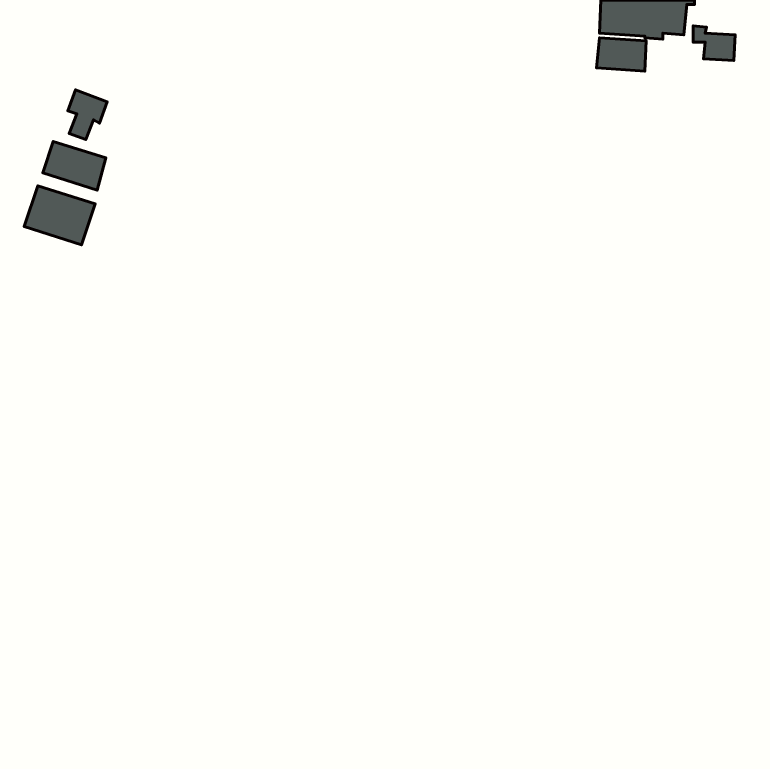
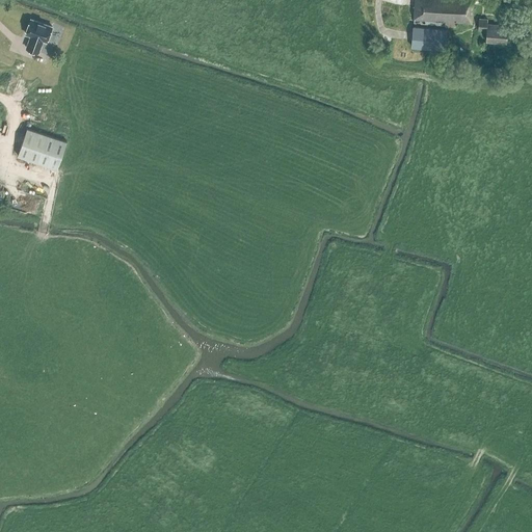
building: [68,90,107,140] -> [24,21,51,55]
building: [43,141,106,190] -> none

